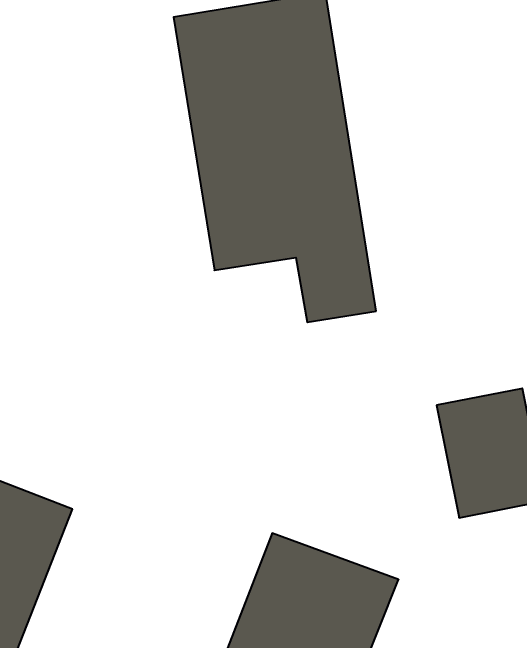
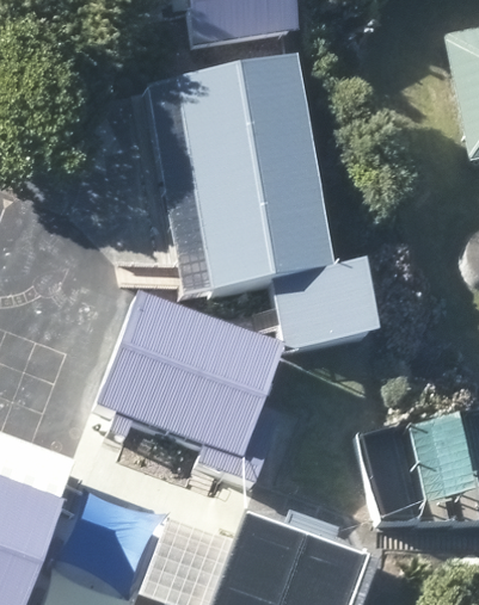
building: none -> [97,284,291,452]

